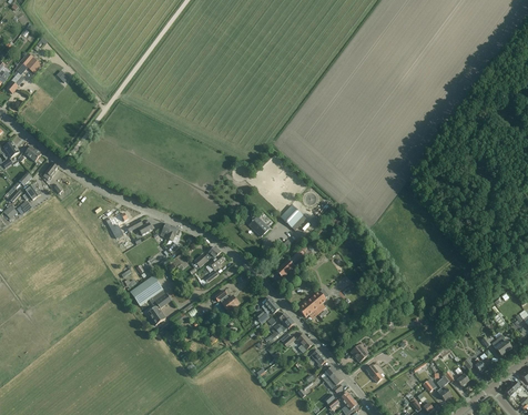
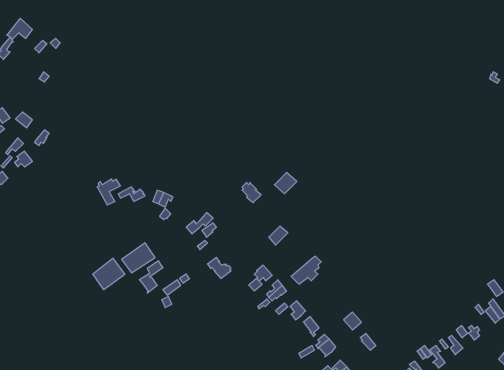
building: none -> [93,258,125,290]

